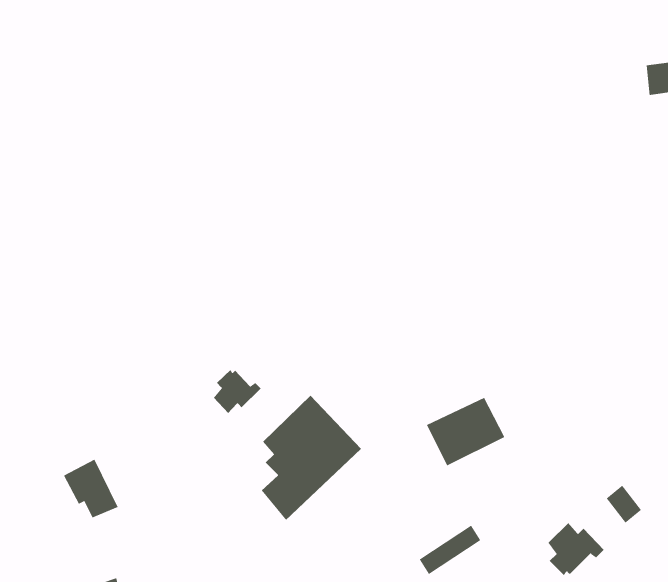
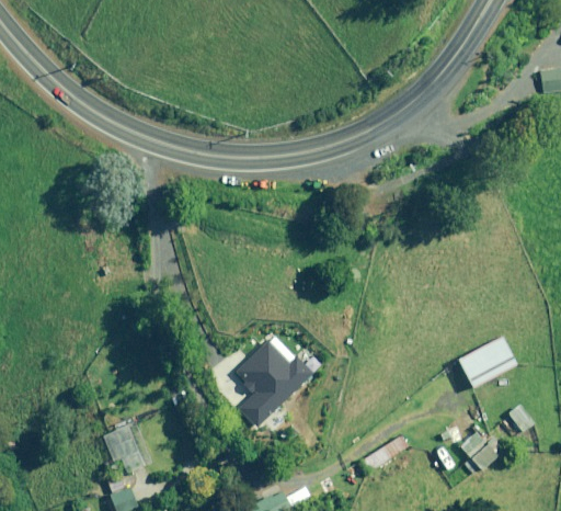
building: [213,369,261,414] -> none
building: [426,397,505,466] -> [457,336,519,390]
building: [63,459,119,518] -> [103,425,147,473]

